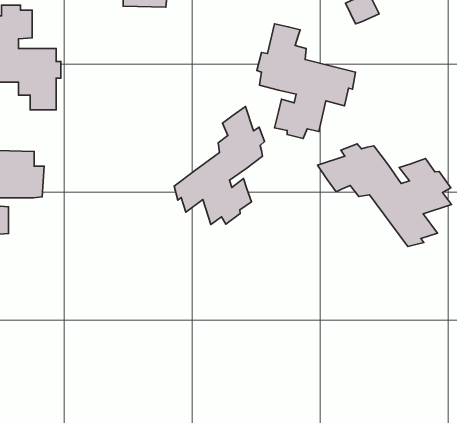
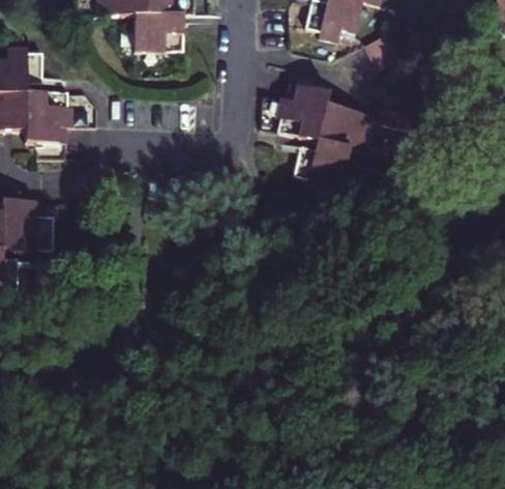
building: [174,107,265,225] -> none
building: [317,144,452,247] -> none

